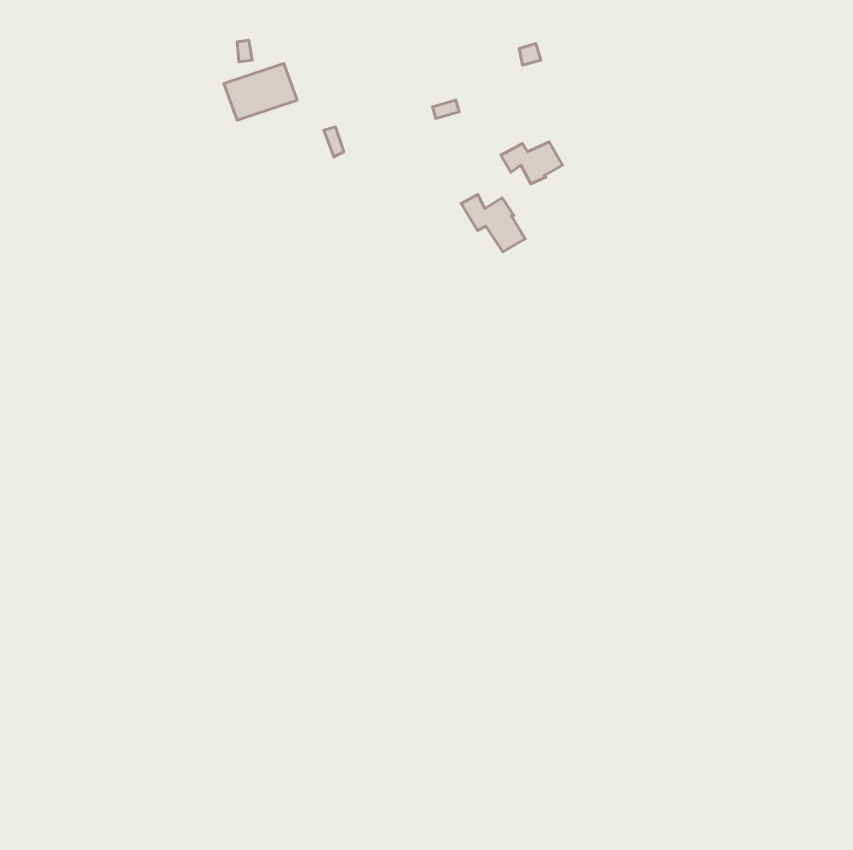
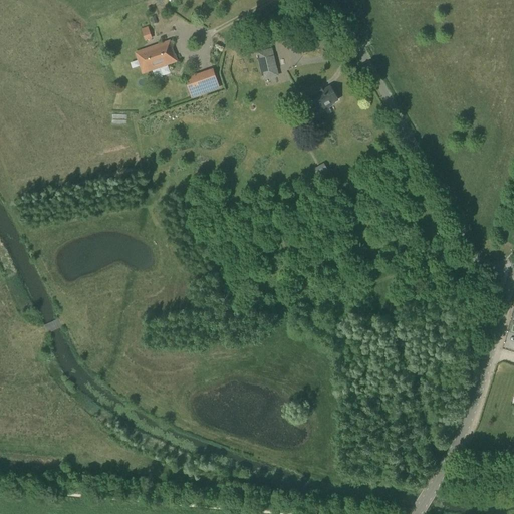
building: [461,195,525,252] -> none

